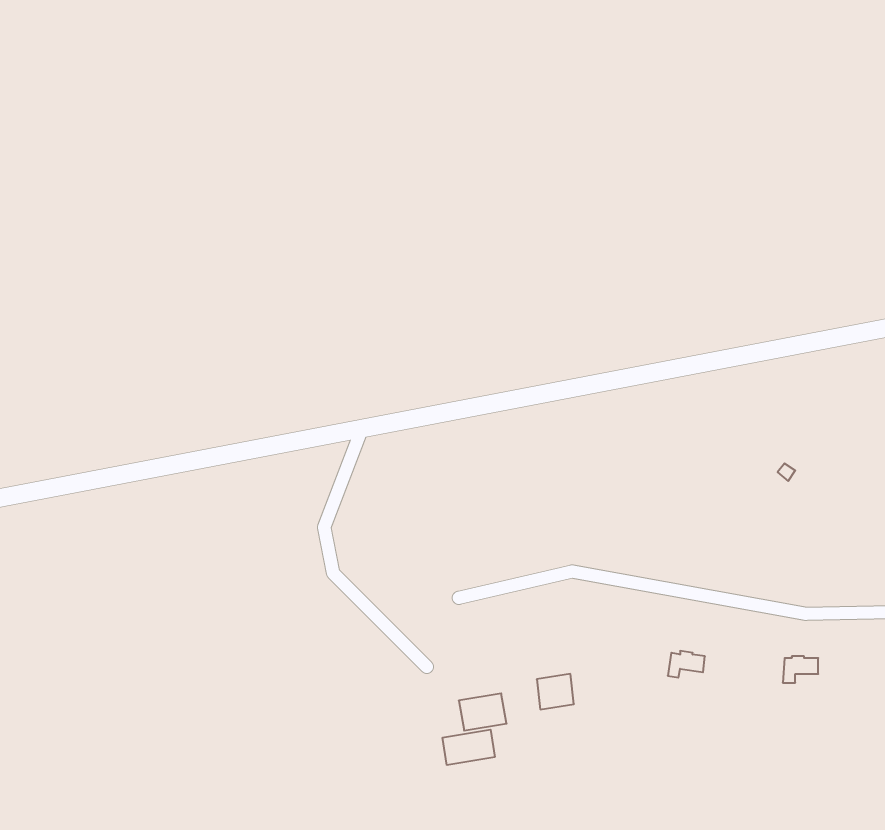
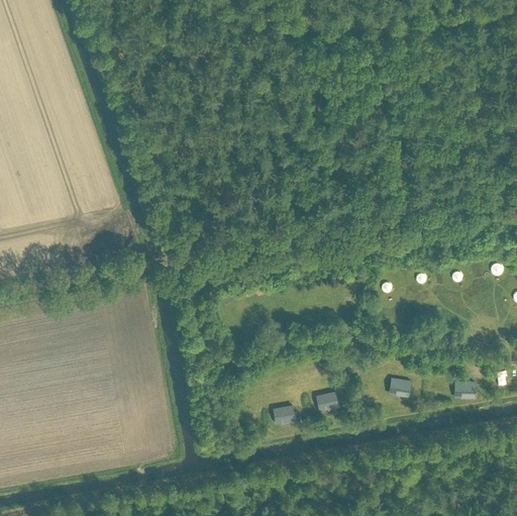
building: [443,730,495,765] -> none

